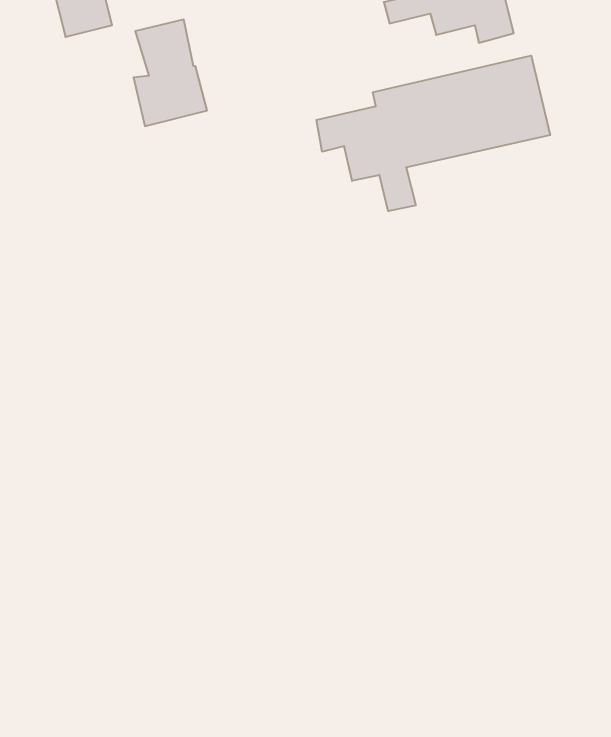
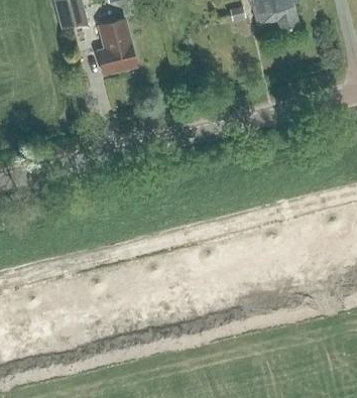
building: [316,56,550,211] -> none

